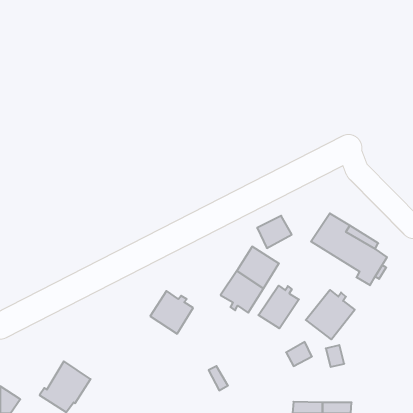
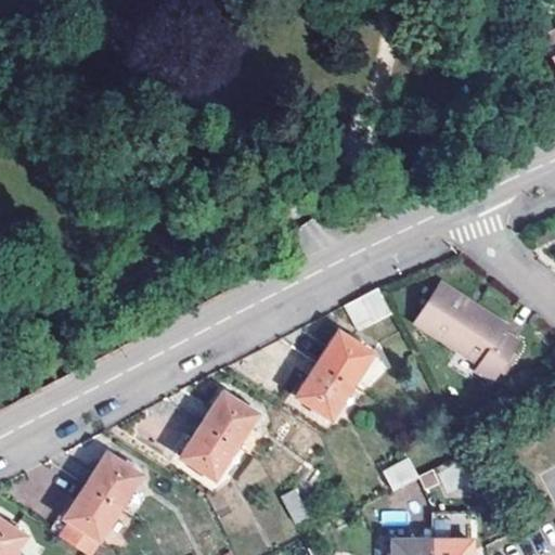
building: [258,286,299,328] -> none
building: [306,290,355,339] -> none
building: none -> [180,424,237,480]
building: none -> [86,452,143,508]

